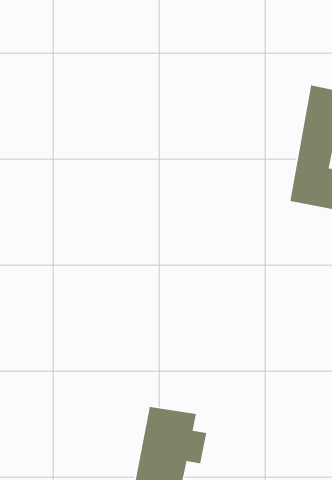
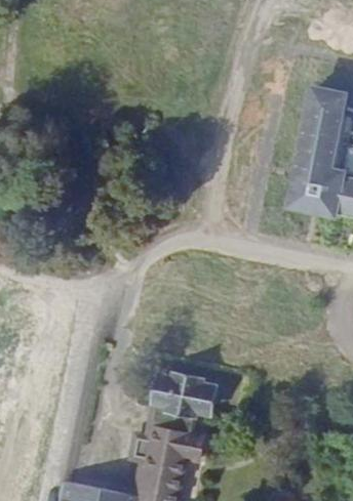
building: none -> [151,374,220,416]

